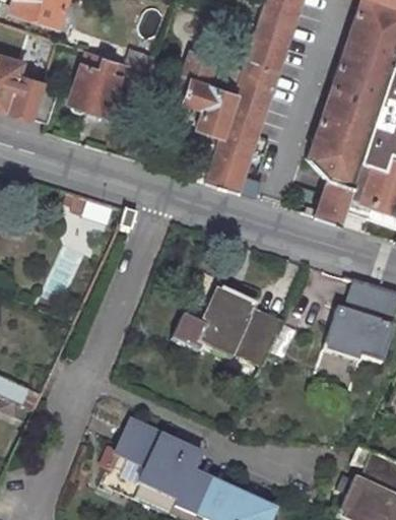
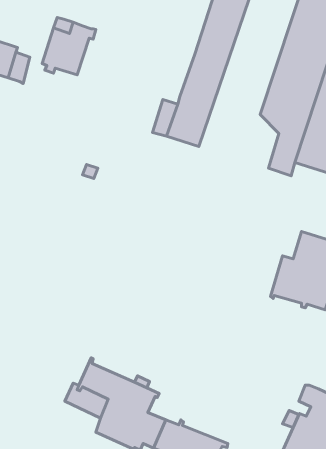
building: [184,74,239,136] -> none
building: [178,285,280,365] -> none

